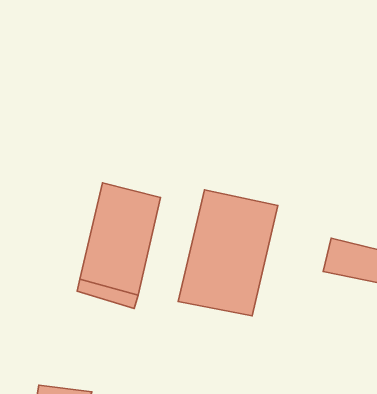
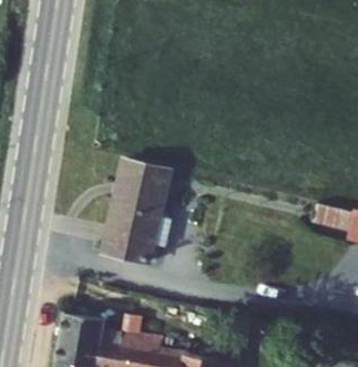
building: [178,190,278,316] -> none

